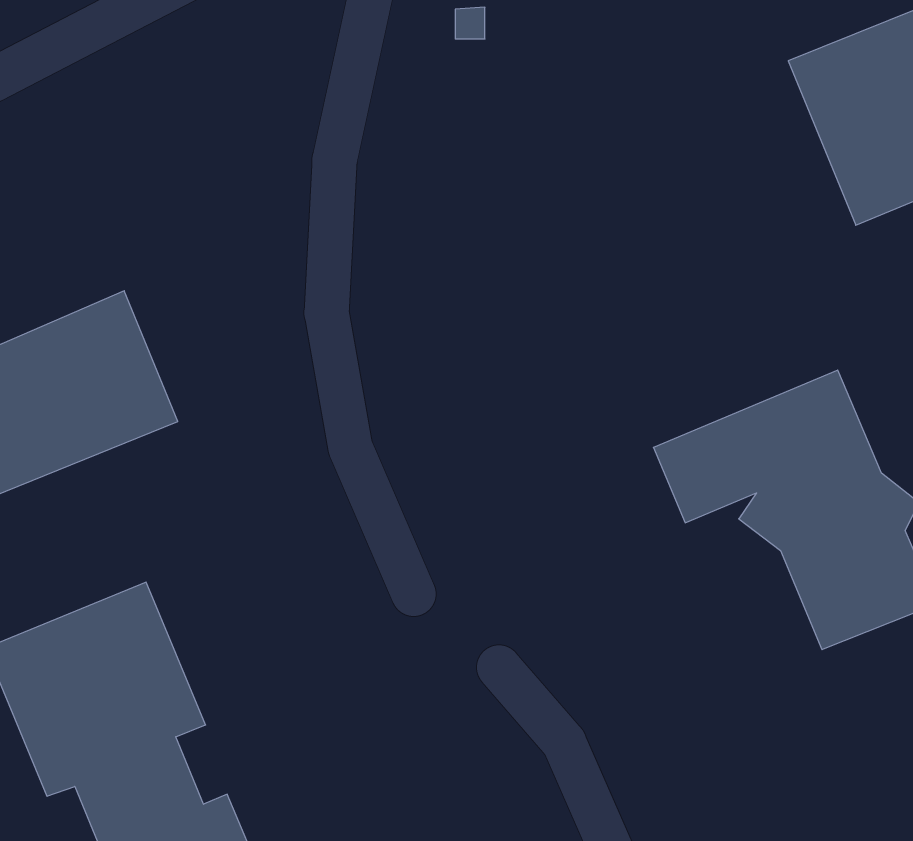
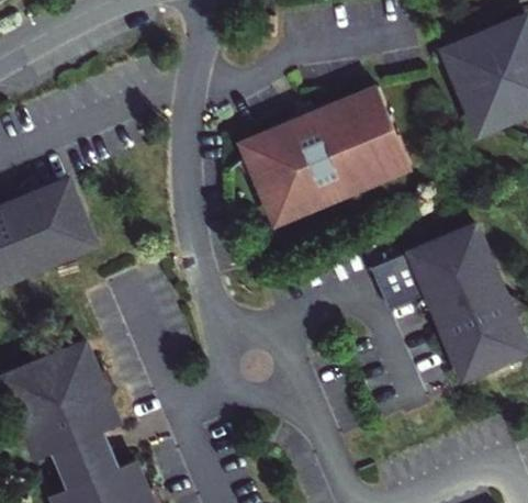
building: none -> [240,91,408,225]

